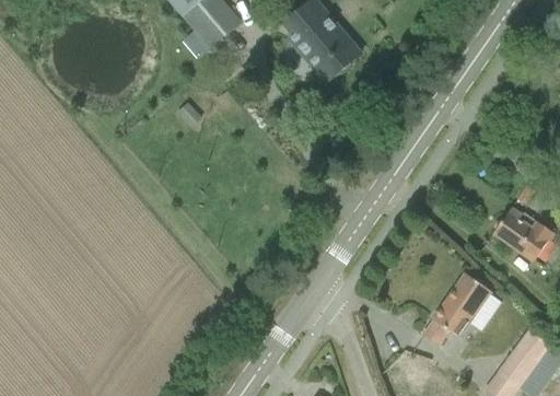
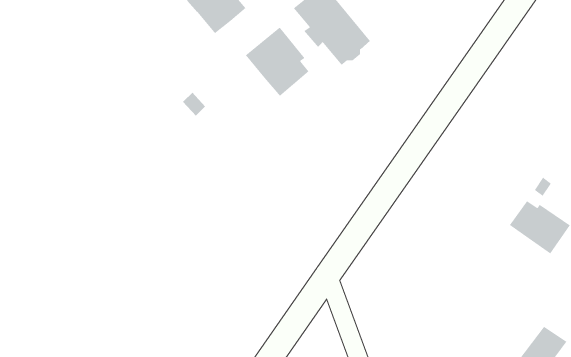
building: none -> [245,26,309,97]
building: [423,272,490,343] -> none

